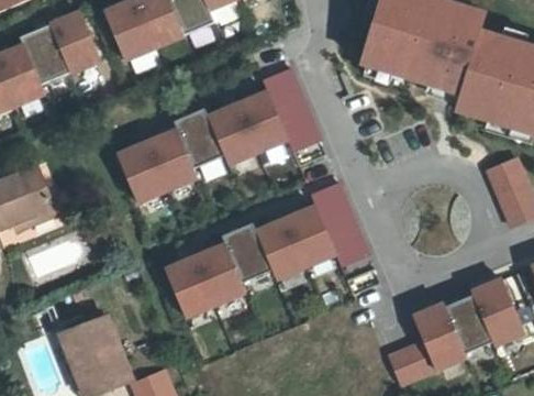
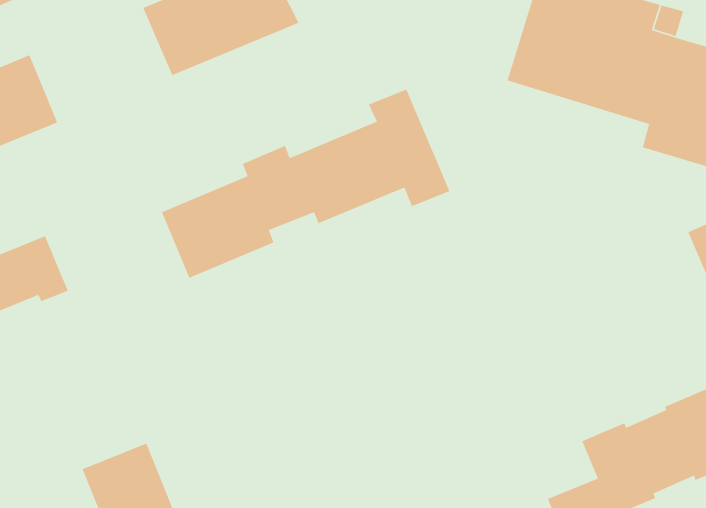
building: [21,10,101,82] -> none
building: [166,182,370,317] -> none

